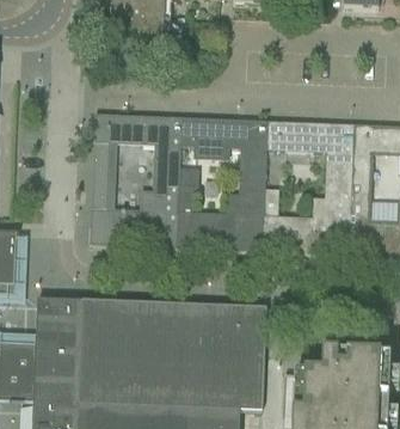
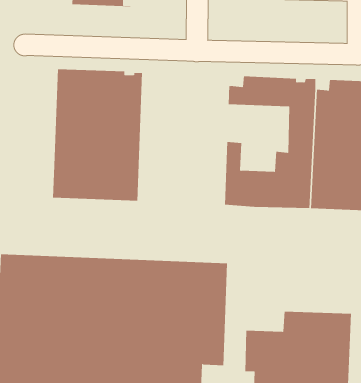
building: [176,115,266,247] -> none

